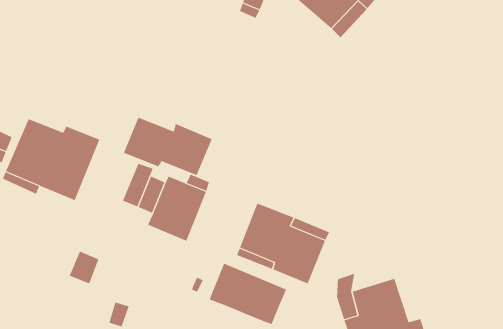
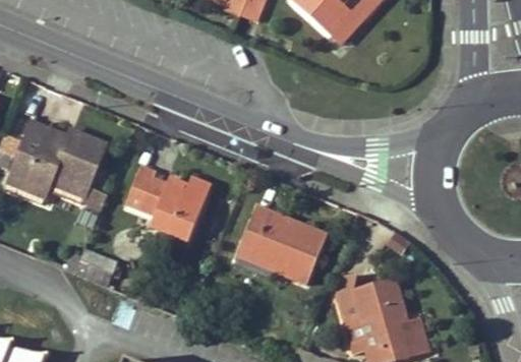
building: [123,117,212,176] -> none
building: [209,263,287,325] -> none

